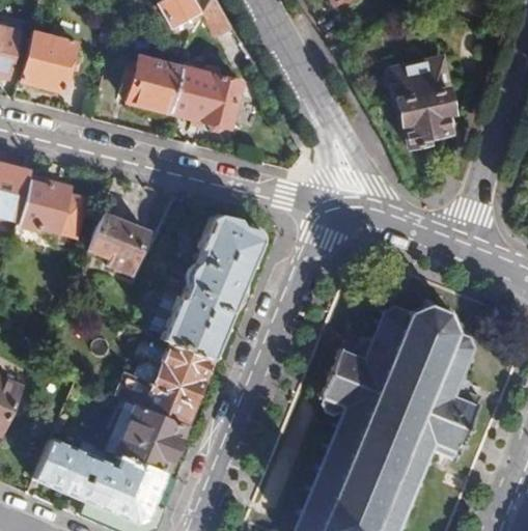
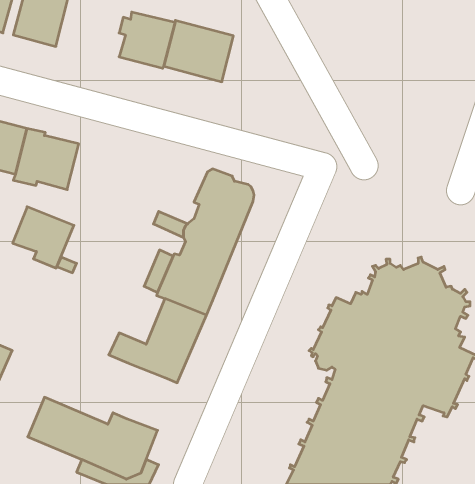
building: [388,57,455,150] -> none
building: [89,216,150,277] -> [13,207,74,268]
building: [116,408,185,475] -> none

